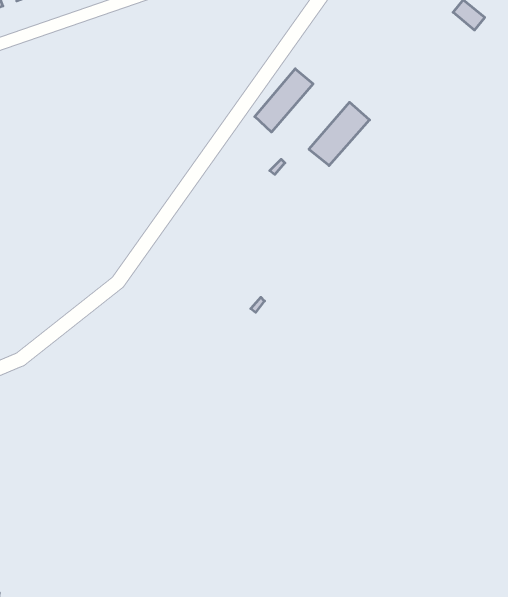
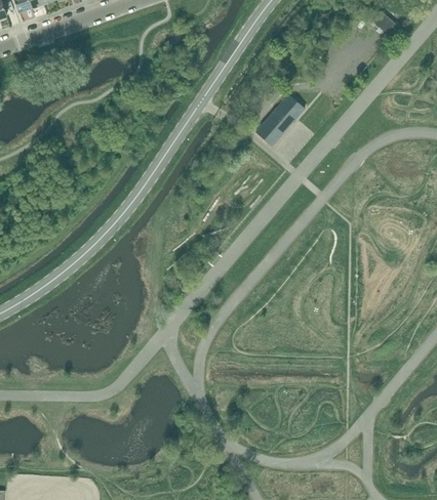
building: [255,69,313,132] -> none

